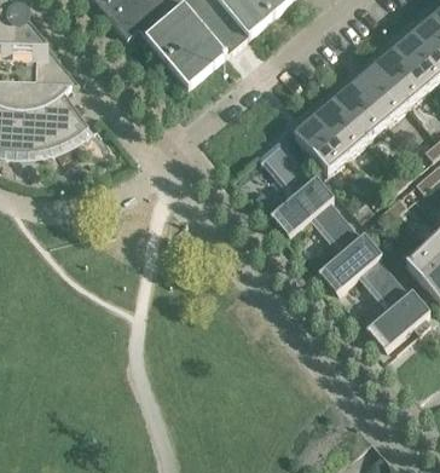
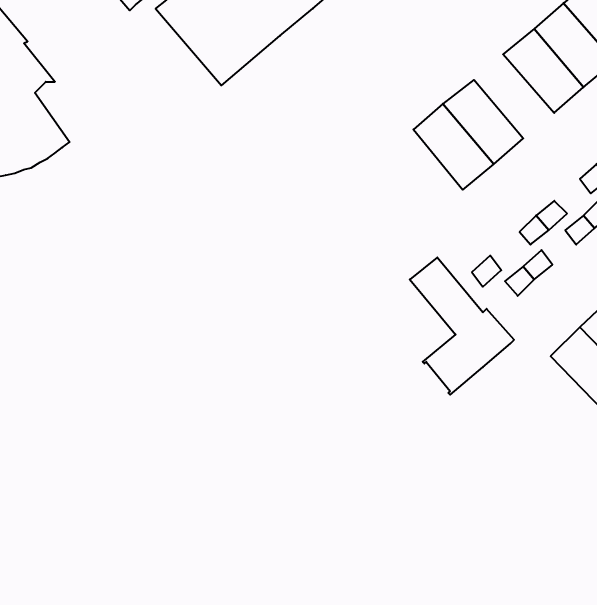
building: [354,64,407,120] -> none
building: [293,114,347,172] -> none
building: [259,140,332,232] -> none
building: [360,255,429,346] -> none

